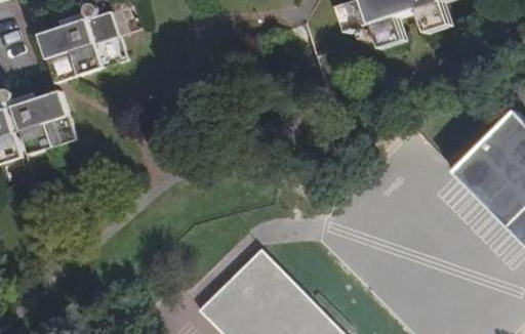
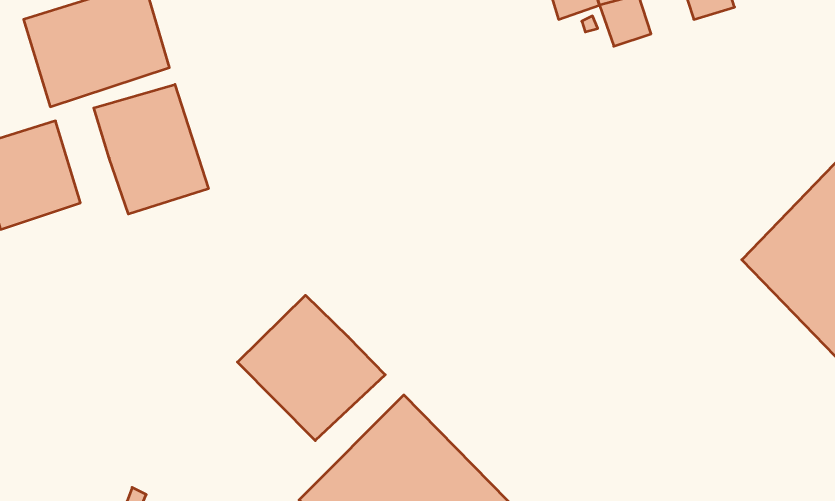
building: none -> [94,84,208,214]
building: none -> [237,295,385,441]

